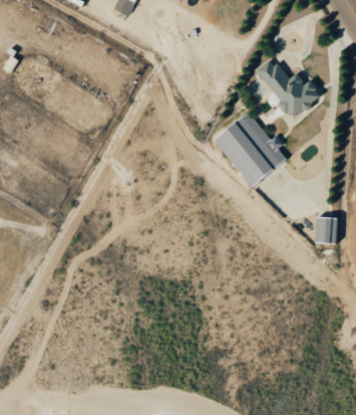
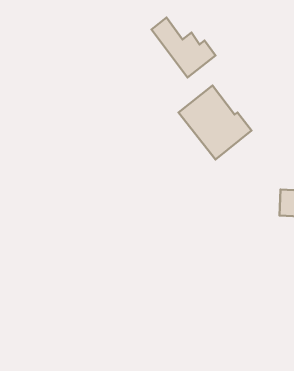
building: [256,58,320,119] -> [151,18,215,78]

